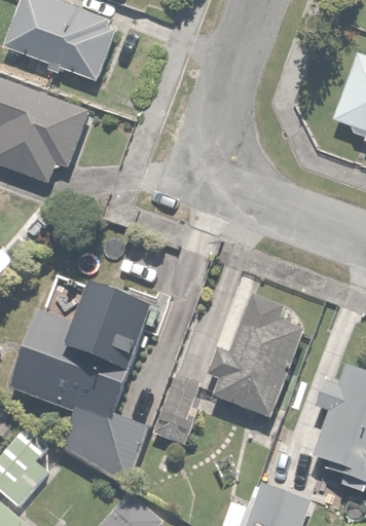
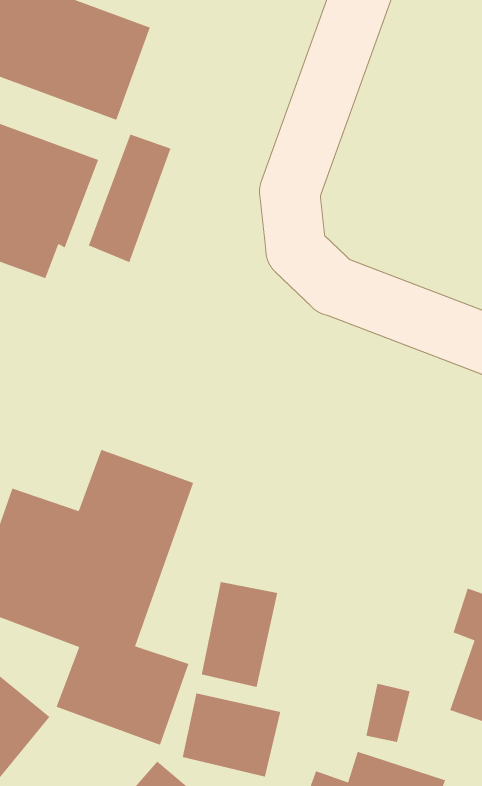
building: none -> [88,134,172,263]
building: [206,292,304,417] -> none
building: none -> [182,693,281,777]

